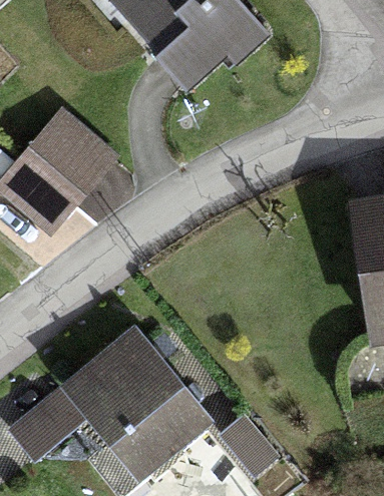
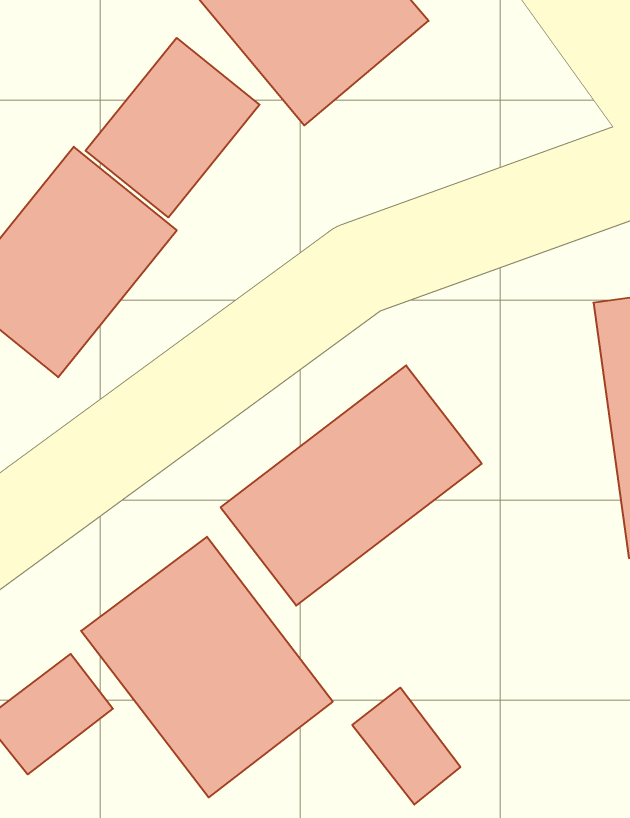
building: none -> [86,38,260,217]
building: none -> [221,365,482,606]

